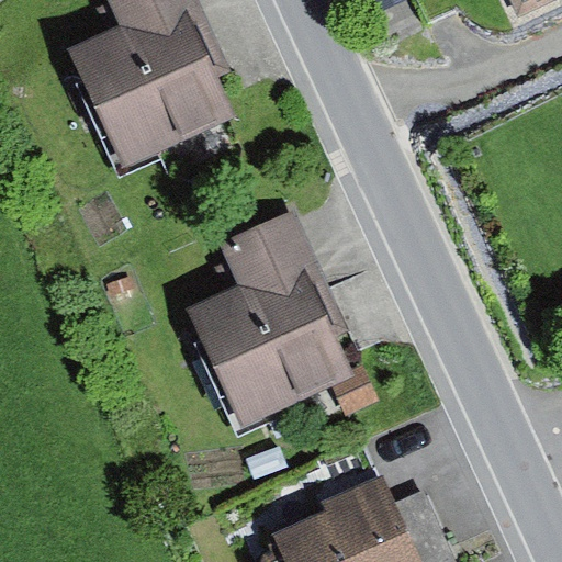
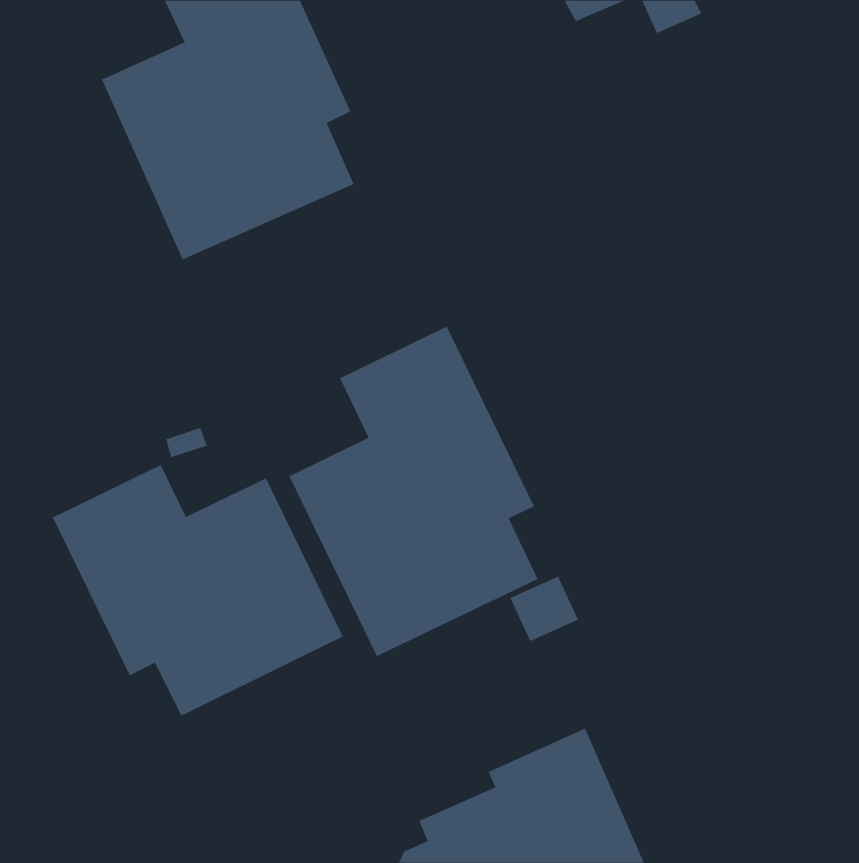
building: none -> [52,464,343,717]

